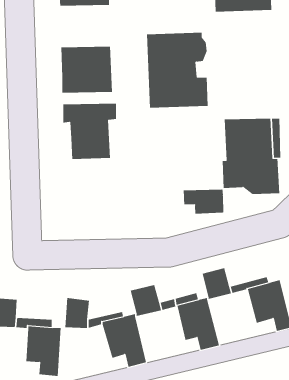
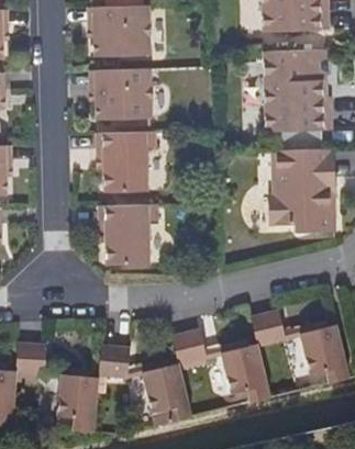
building: none -> [93,24,149,60]
building: [146,32,208,108] -> [264,47,332,131]
building: none -> [100,205,159,267]
building: [183,188,224,214] -> none

